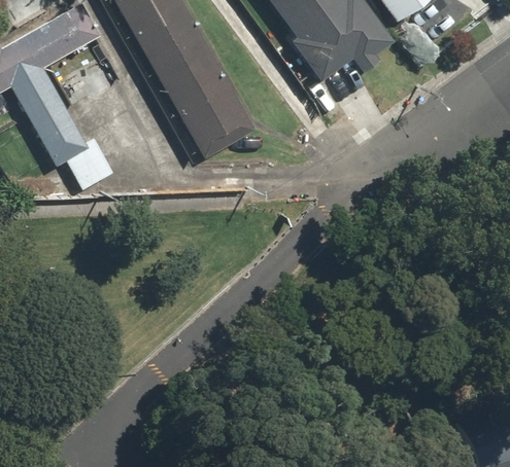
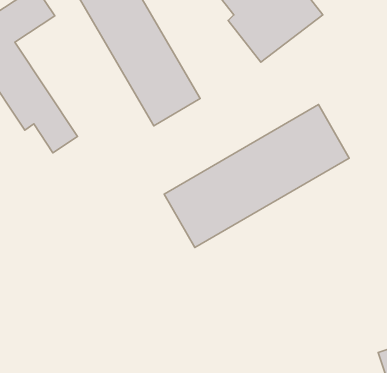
building: none -> [164,105,349,248]

